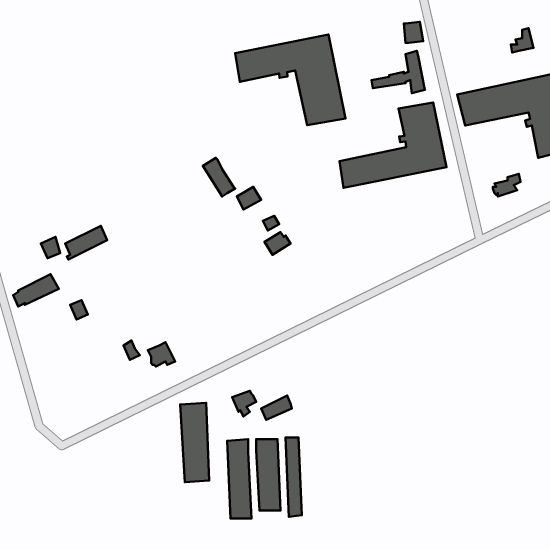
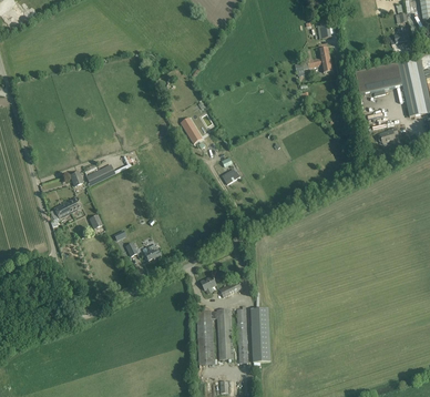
building: [235,34,345,125] -> none
building: [340,102,446,188] -> none
building: [180,403,209,482] -> [249,307,269,362]

